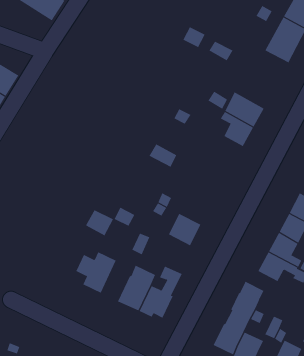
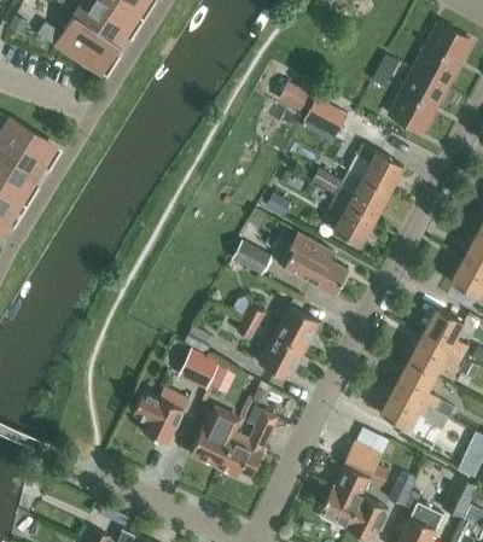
building: none -> [348,145,403,194]
building: none -> [279,233,348,295]
building: none -> [273,307,319,351]
building: [85,209,114,236] -> [180,351,219,387]

